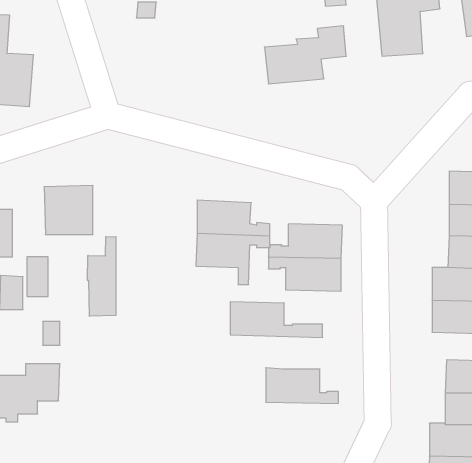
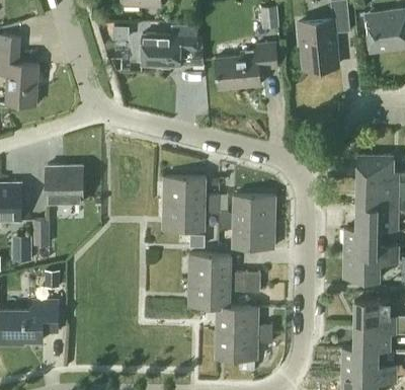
building: none -> [141,28,197,66]
building: [88,237,116,316] -> none
building: none -> [187,281,259,307]
building: none -> [215,332,271,371]

